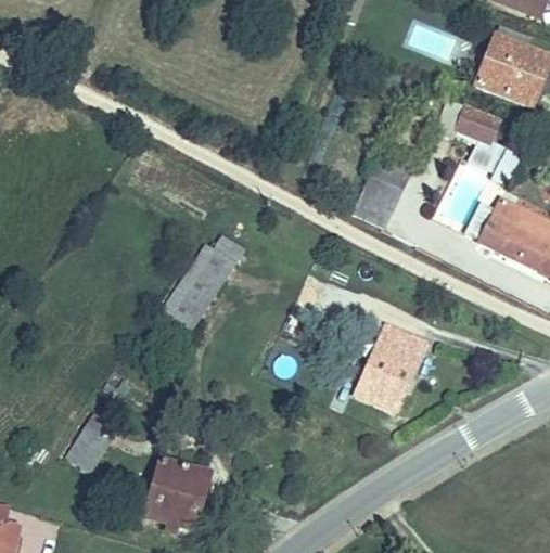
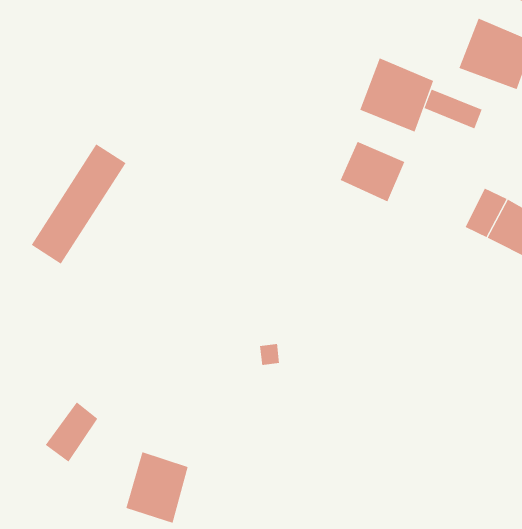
building: none -> [360,57,434,132]
building: [150,229,245,349] -> [31,144,126,265]
building: [353,323,425,412] -> none

